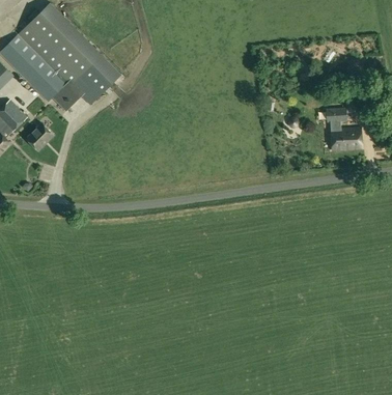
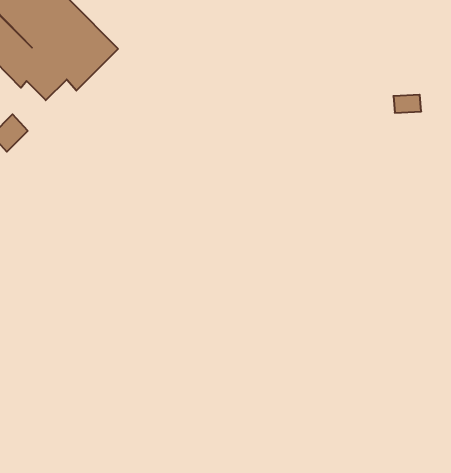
building: [331,128,361,149] -> none

